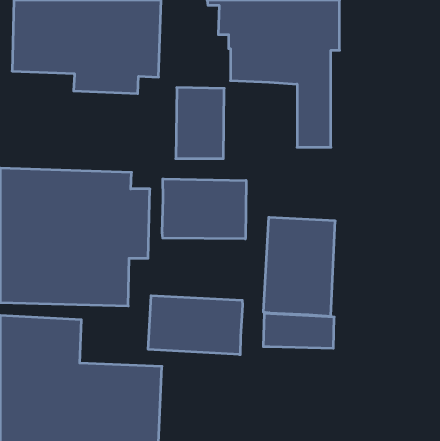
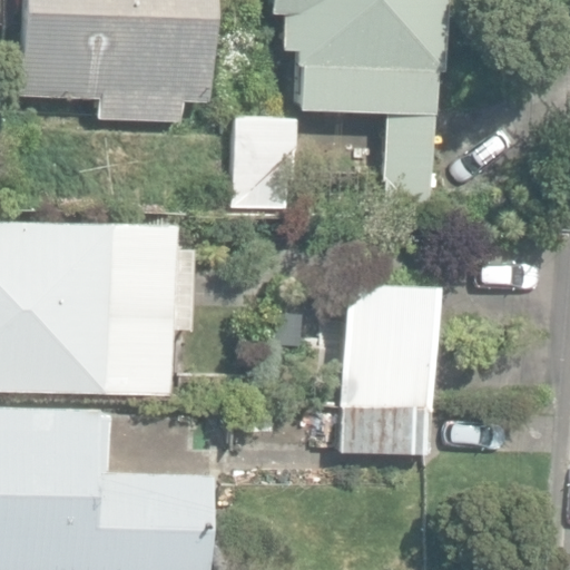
building: [162,179,246,239] -> none
building: [148,296,243,355] -> none

